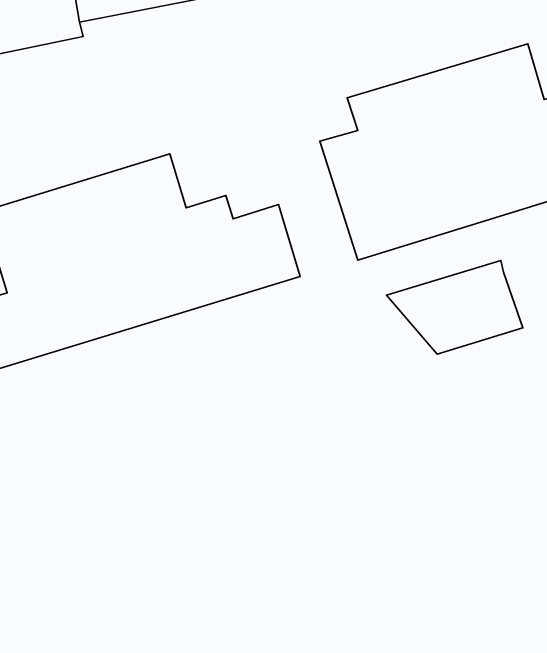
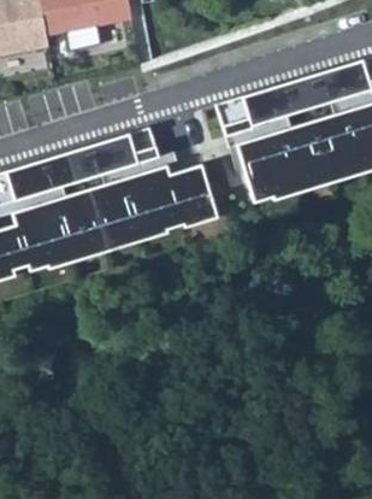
building: [386,261,523,354] -> none

